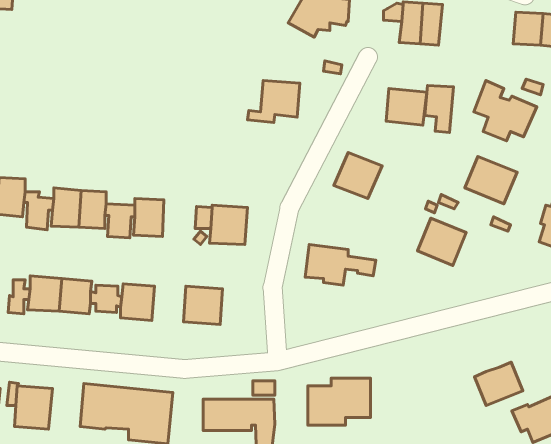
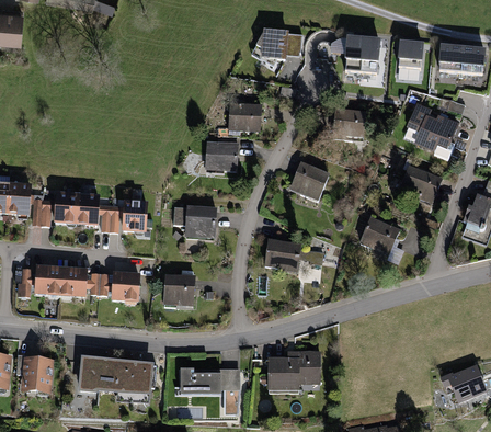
building: [425,85,454,133] -> [399,42,423,81]
building: none -> [205,141,239,172]
building: [475,362,523,405] -> none

